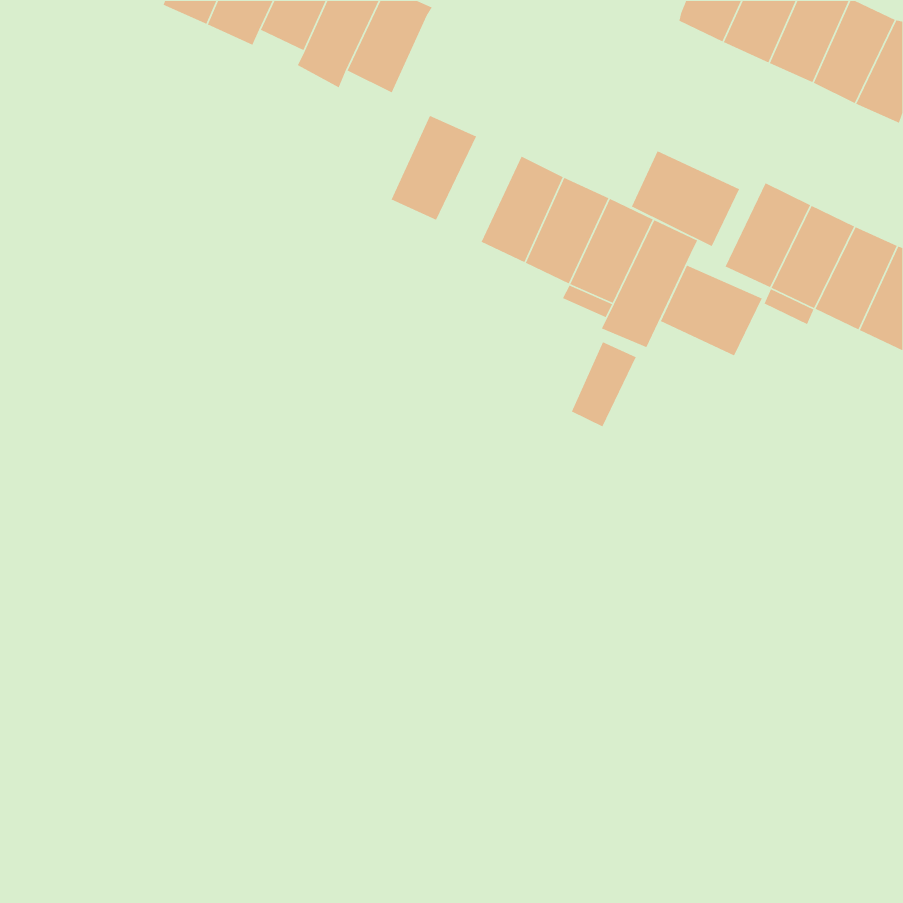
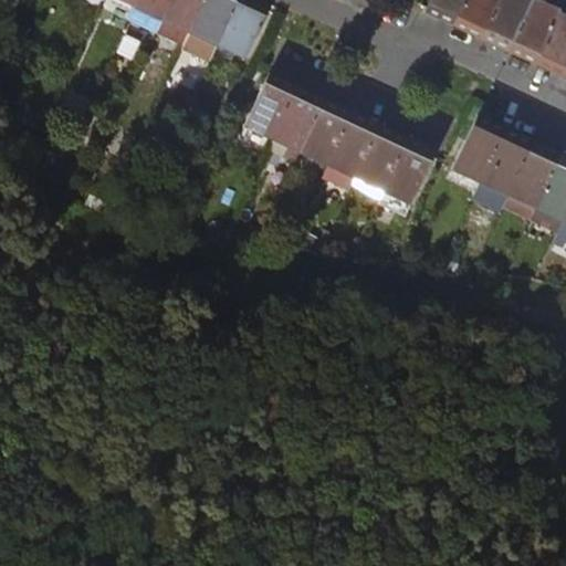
building: none -> [273,85,326,151]
building: [631,150,740,247] -> none
building: [660,265,763,357] -> none
building: [571,341,637,427] -> none

